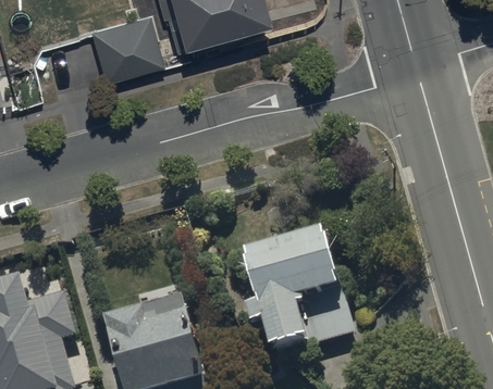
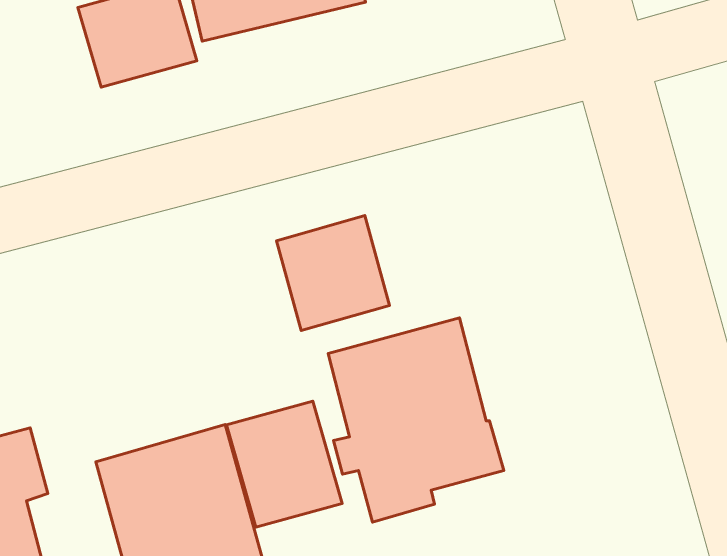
building: none -> [276,216,390,331]
building: none -> [227,401,342,527]

